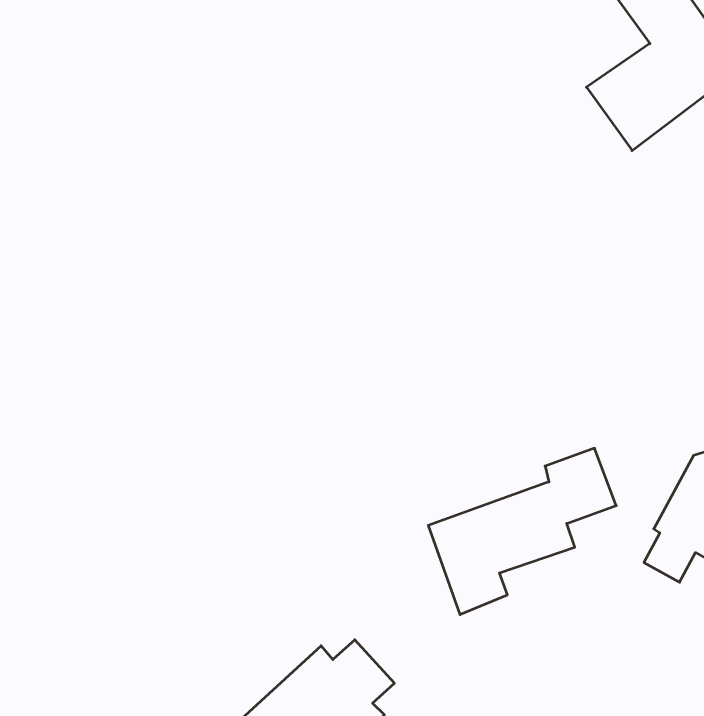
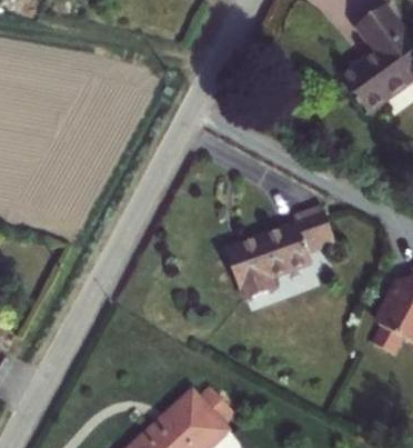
building: [428,448,616,615] -> [228,205,333,298]

